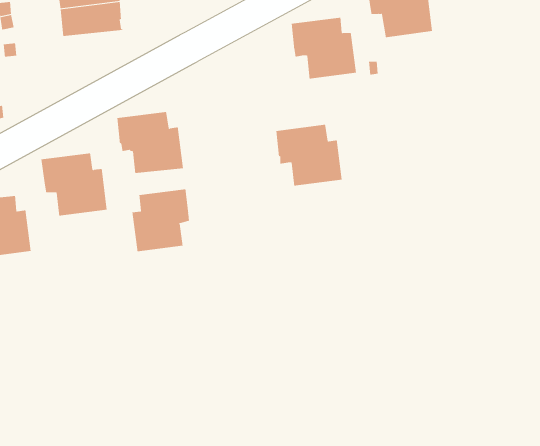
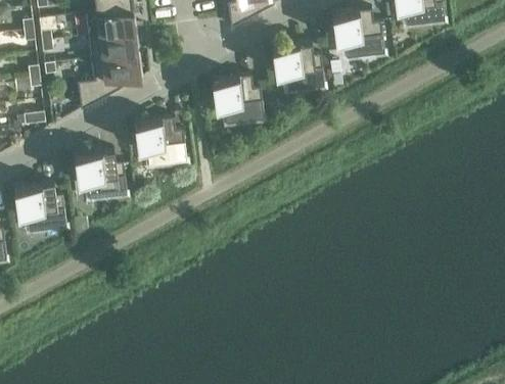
building: none -> [76,53,141,110]
building: [276,124,343,186] -> [211,76,264,125]
building: [132,188,189,252] -> none

